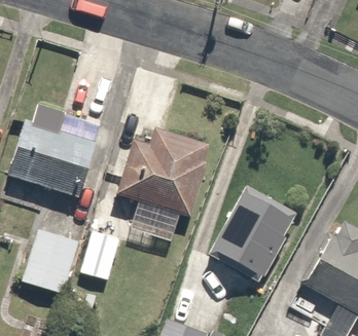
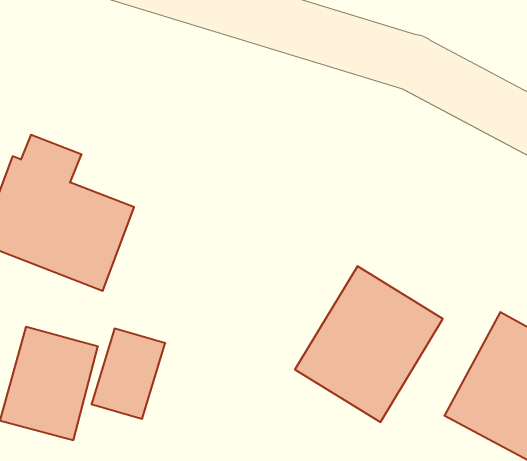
building: [110,123,219,224] -> none

